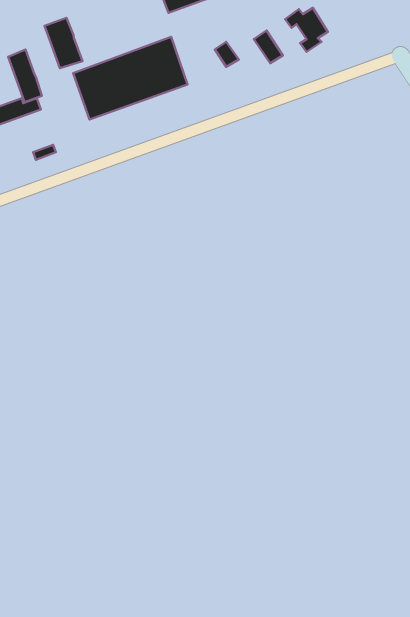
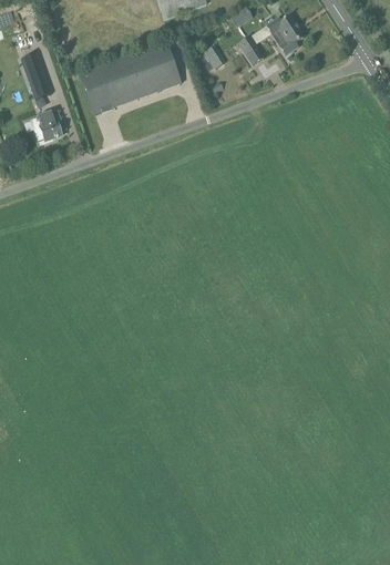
building: [45,18,83,68] -> none
building: none -> [33,111,61,140]

